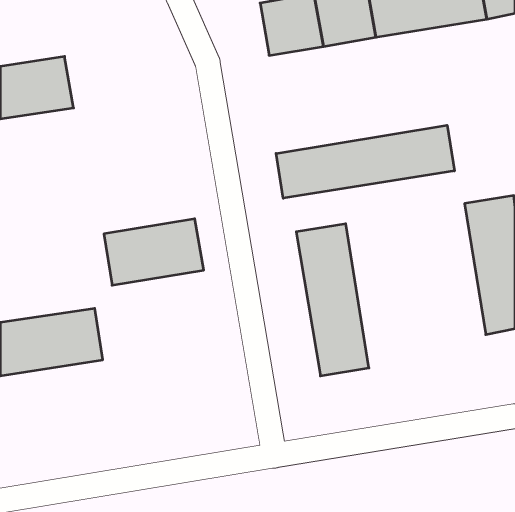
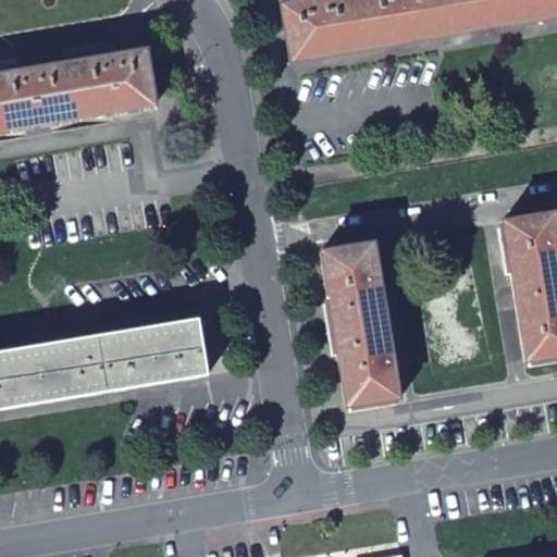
building: none -> [70,48,154,116]
building: [276,125,454,198] -> none
building: [104,219,204,285] -> [102,317,210,388]

